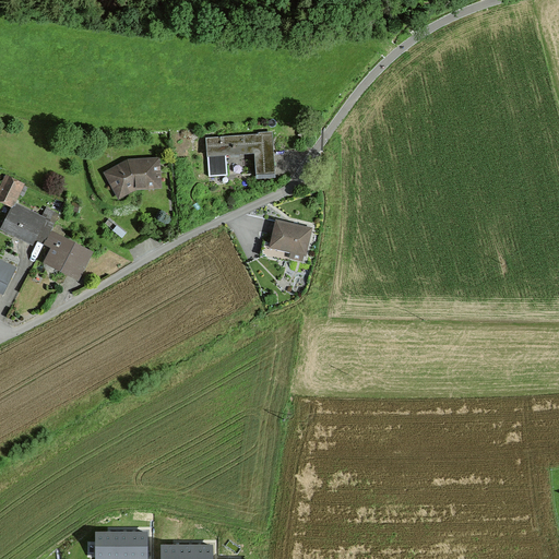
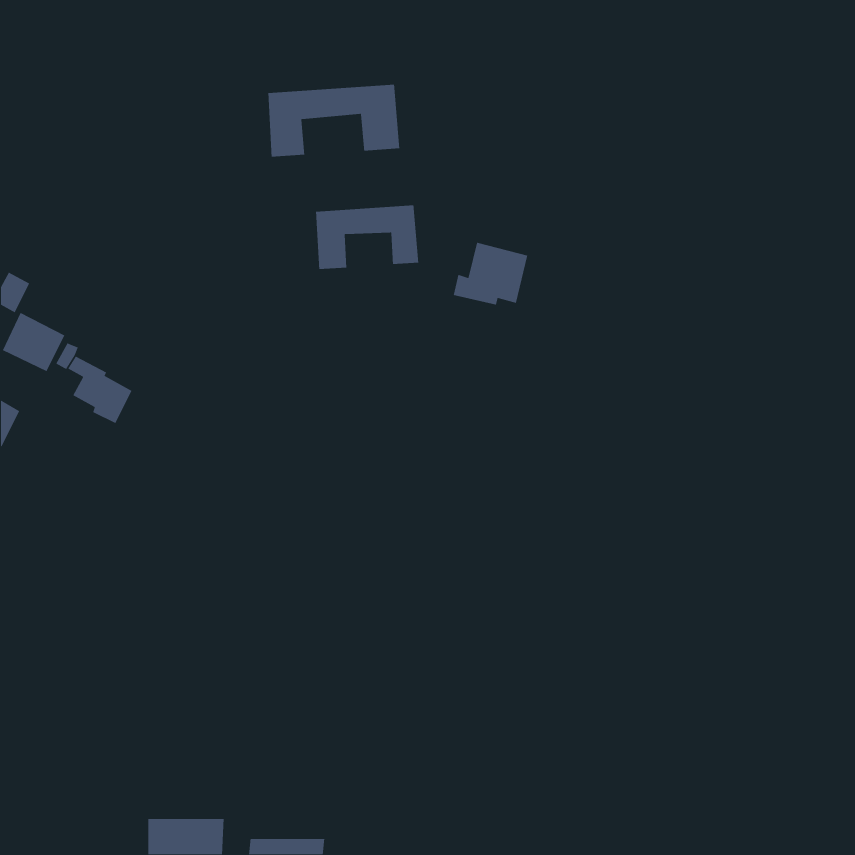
building: none -> [268,84,400,158]
building: [114,160,157,187] -> none
building: [261,219,310,261] -> [453,242,528,306]

